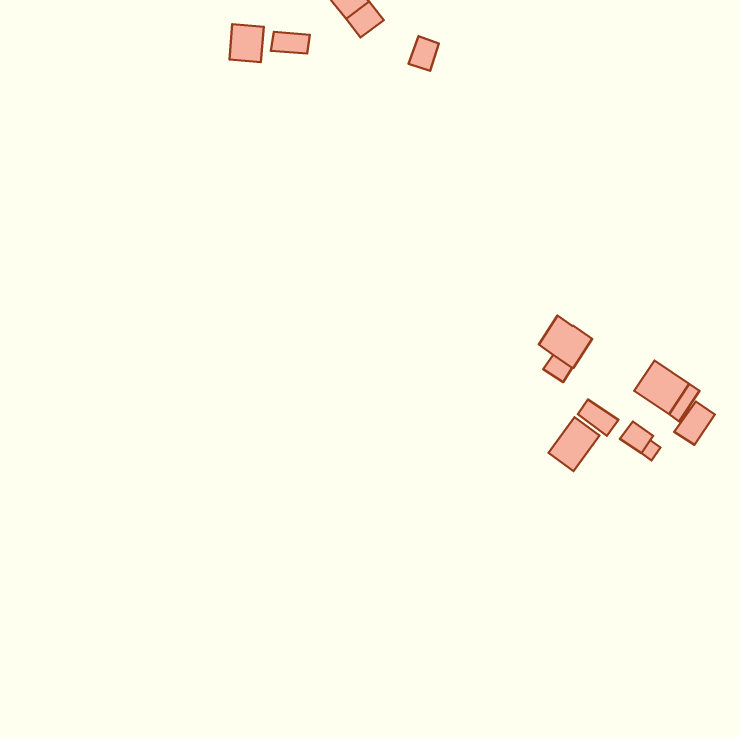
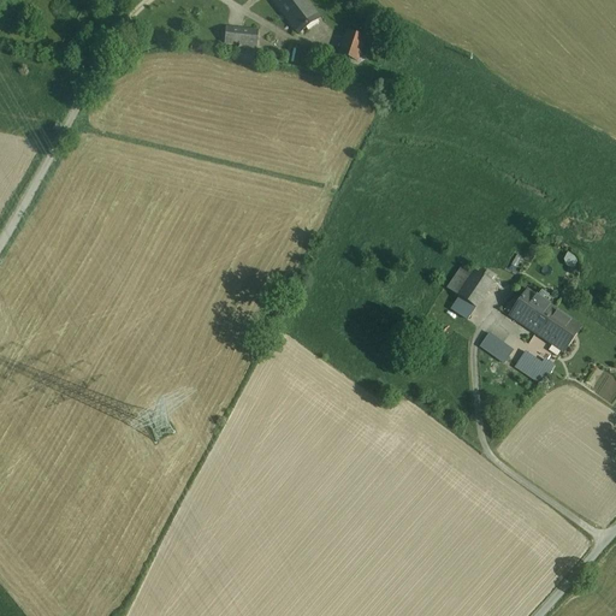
building: [229,24,264,62] -> none
building: [674,401,715,445] -> [510,289,544,325]
building: [548,417,599,471] -> none

